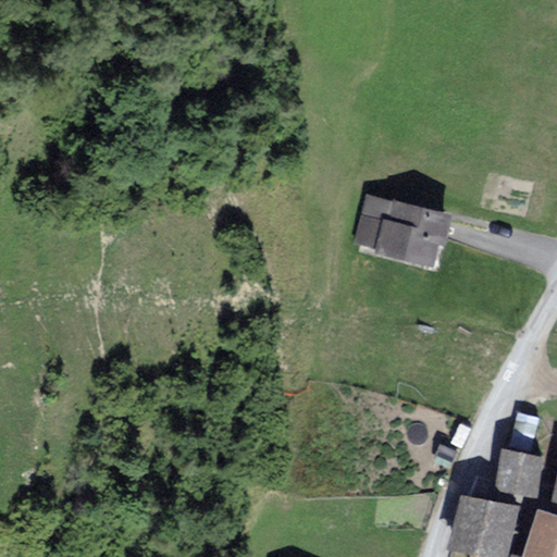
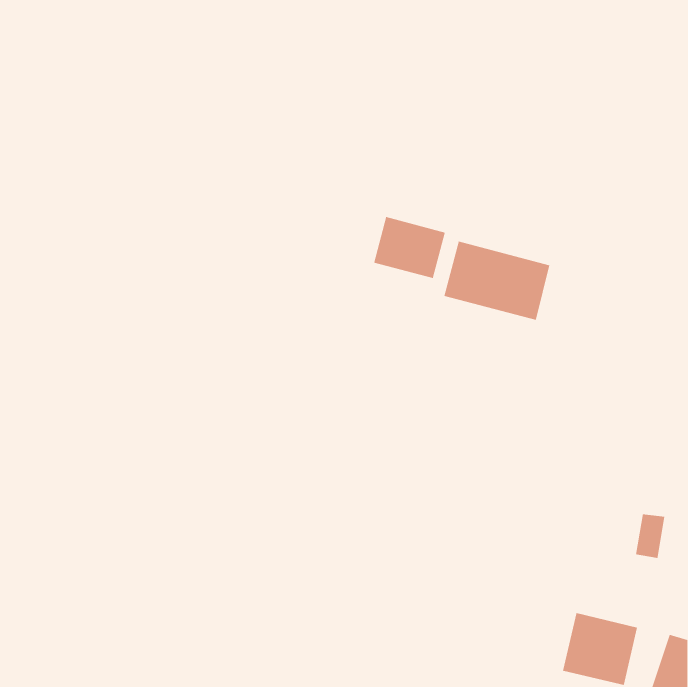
building: none -> [374,216,445,279]
building: [497,451,540,492] -> none

